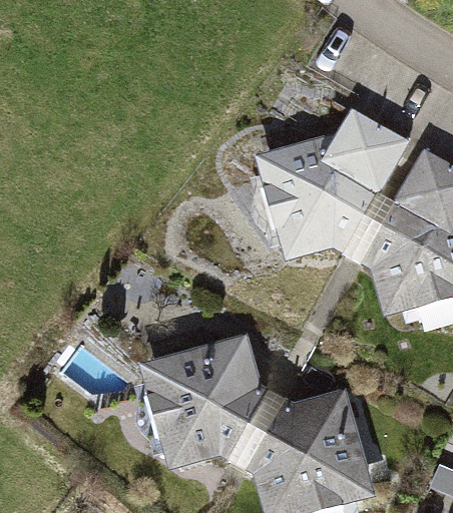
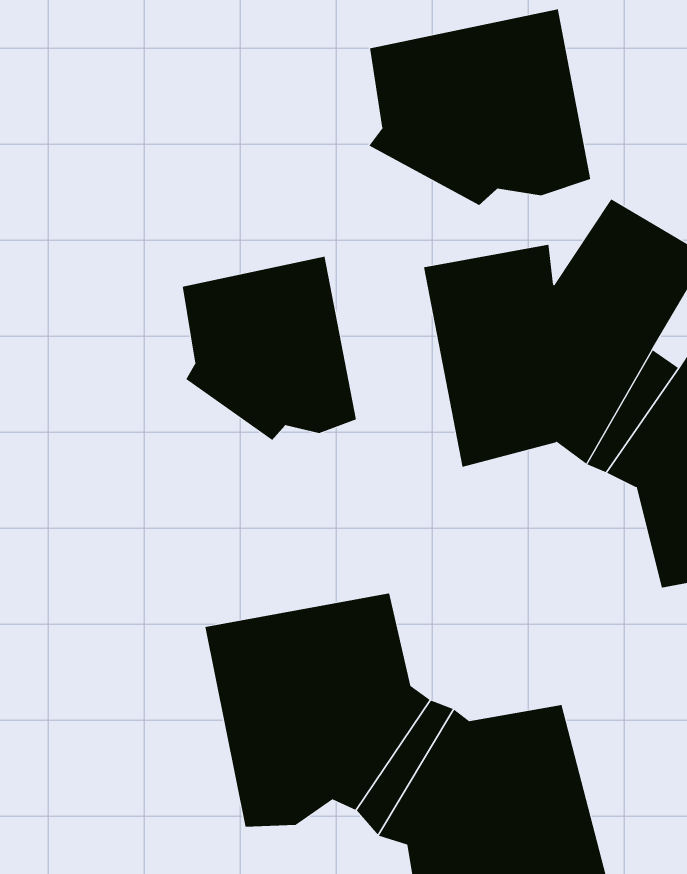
building: none -> [369,9,591,206]
building: none -> [182,256,356,441]

